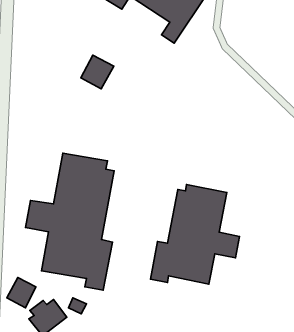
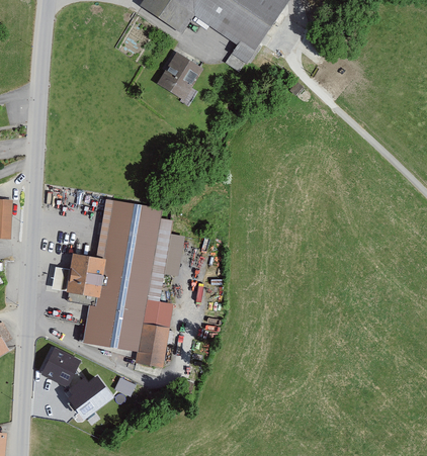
building: [81,55,114,89] -> [161,55,200,95]
building: [151,184,240,284] -> none

